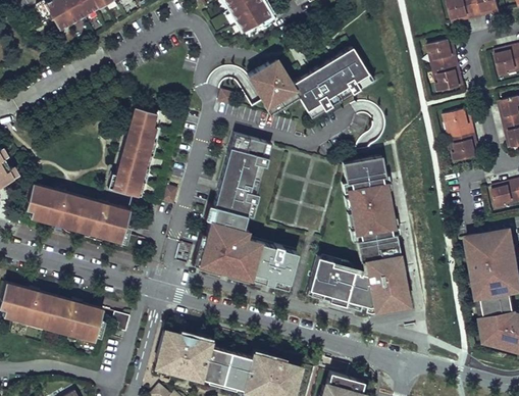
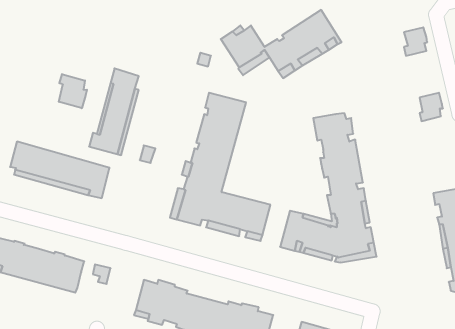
building: [428,41,458,69] -> none
building: [445,110,474,138] -> none
building: none -> [59,74,87,108]

